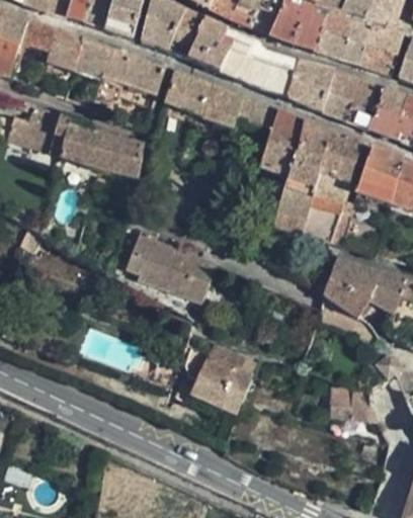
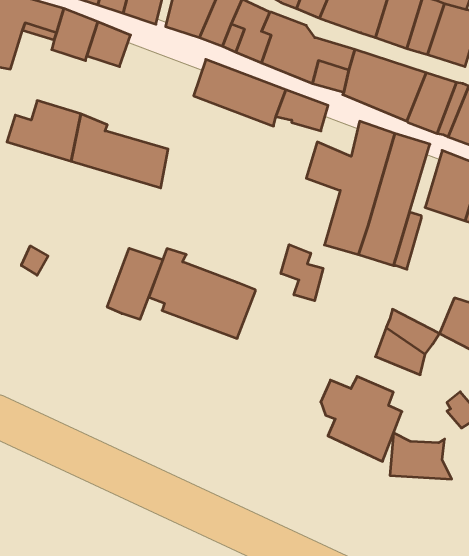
building: [102,49,165,93] -> none
building: [267,107,303,150] -> none
building: none -> [281,245,323,301]
building: none -> [107,248,163,319]
building: [330,255,382,297] -> none
building: [184,342,252,413] -> [321,376,402,461]

